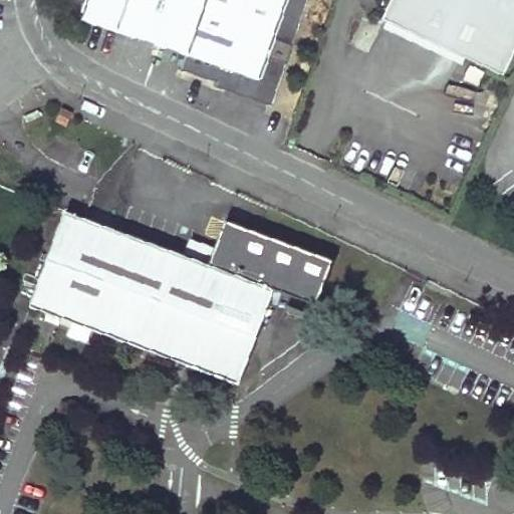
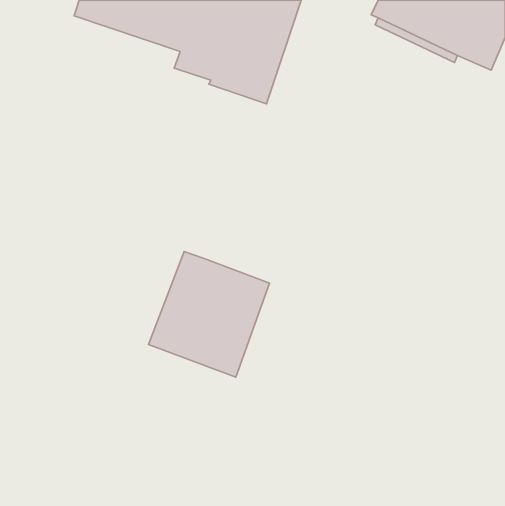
building: [29,210,187,349] -> none
building: [210,219,333,303] -> none

